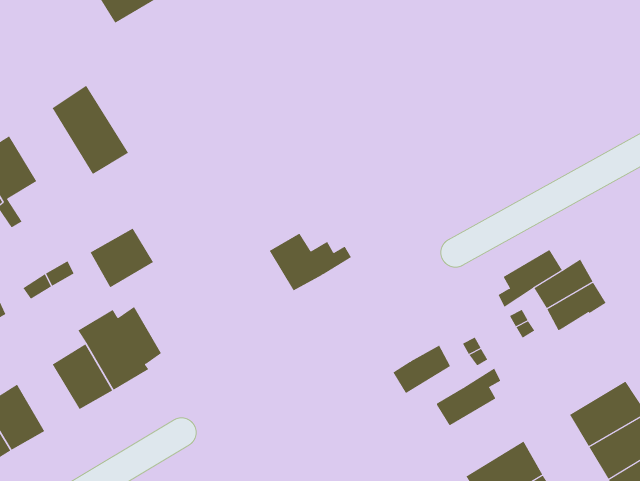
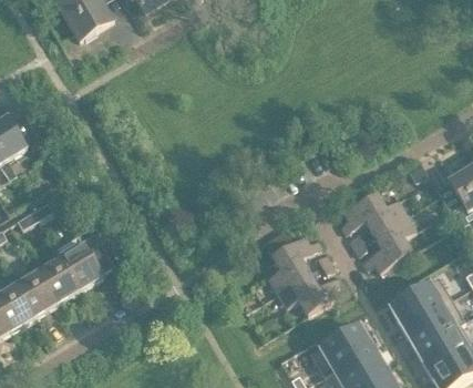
building: [52,85,129,175] -> none
building: [90,228,154,288] -> none
building: [269,233,352,291] -> [265,229,321,269]
building: none -> [362,236,412,272]
building: none -> [13,272,55,317]
building: none -> [278,273,318,307]

